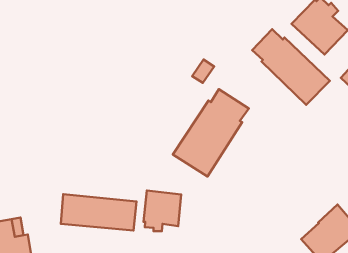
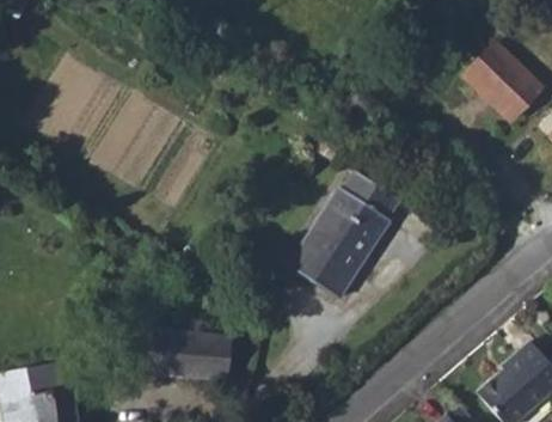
building: [252,29,330,105] -> none
building: [144,190,181,231] -> none

